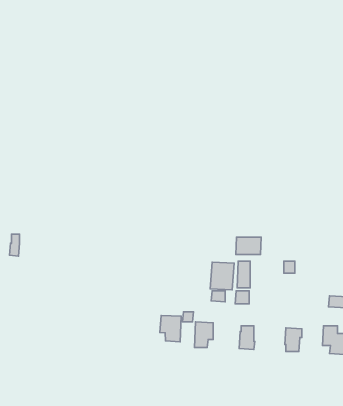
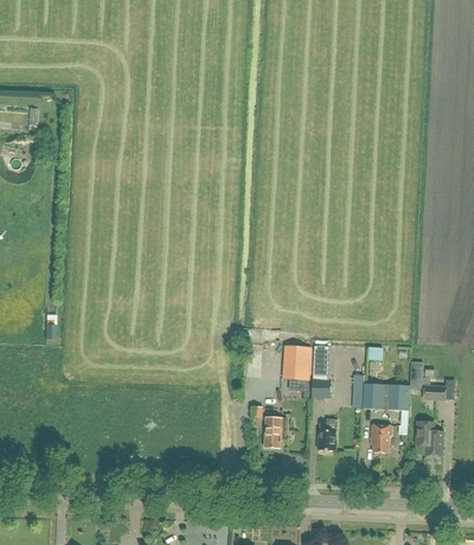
building: [236,237,261,255] -> none
building: none -> [364,383,410,411]
building: [160,316,181,342] -> none

